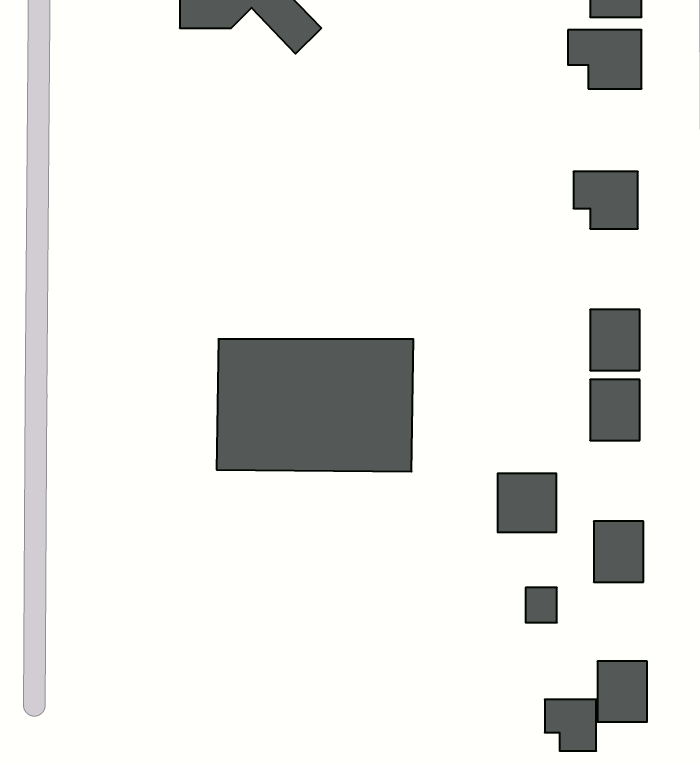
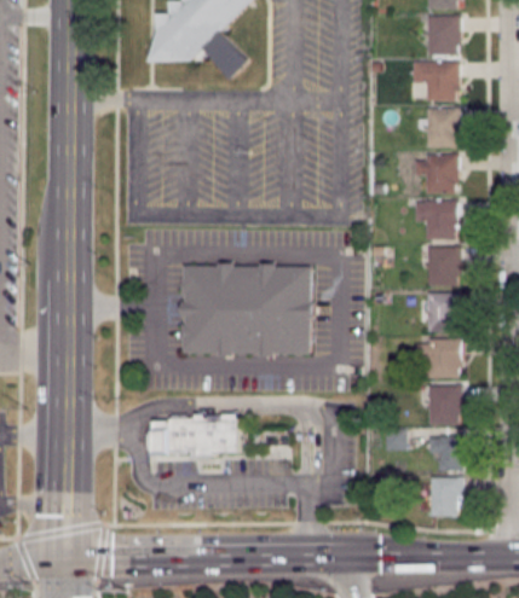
building: none -> [425,108,459,146]
building: none -> [415,201,456,238]
building: [498,473,556,532] -> [422,338,461,377]
building: none -> [149,411,240,455]
building: [545,699,596,751] -> [428,436,462,470]

